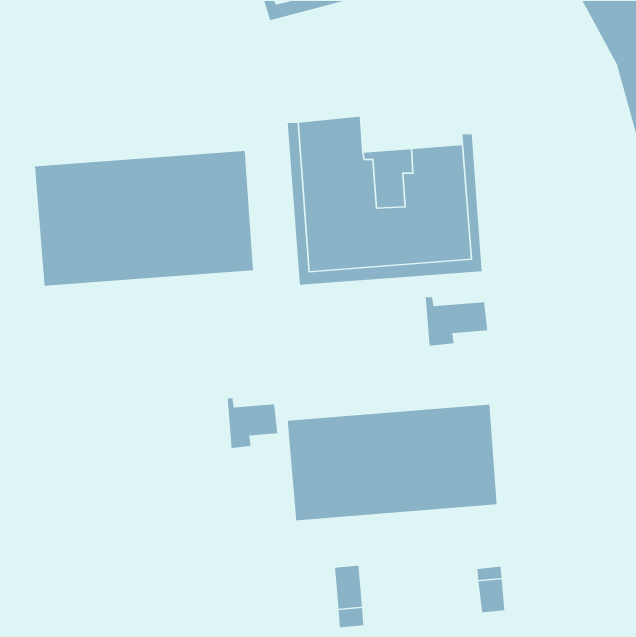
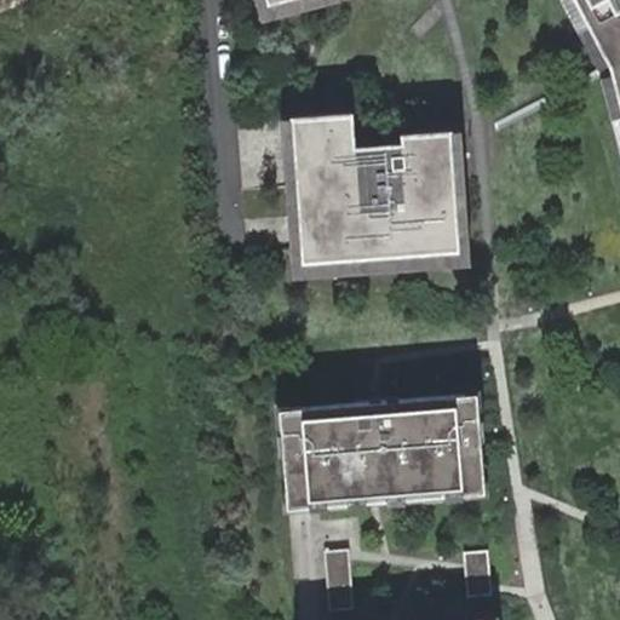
building: [34,150,254,287] -> none
building: [425,296,488,347] -> none
building: [227,397,278,449] -> none

